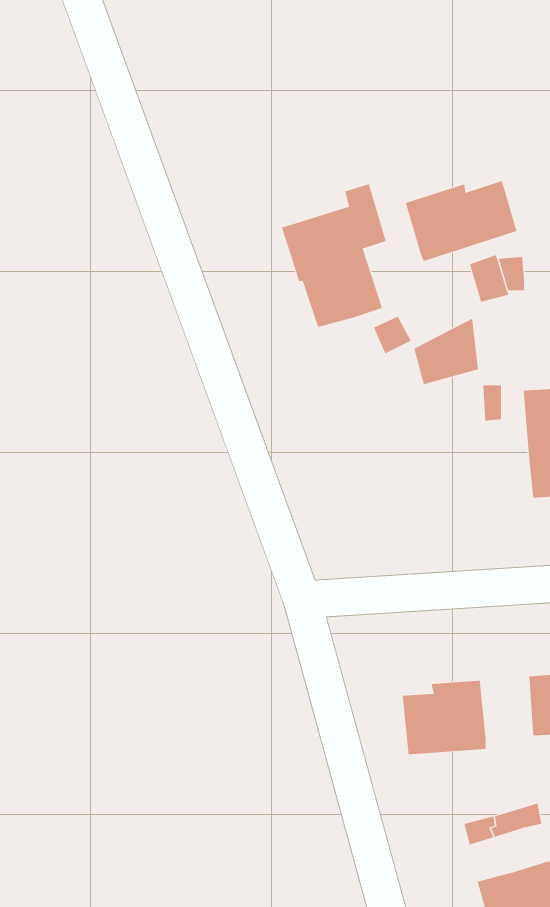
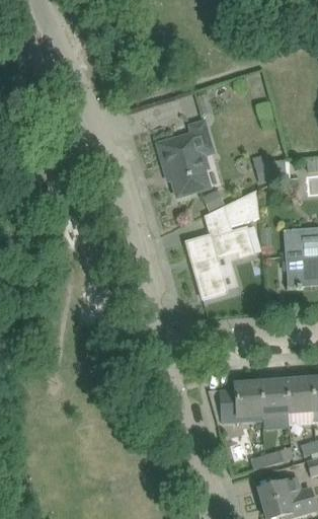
building: [405,180,517,262] -> none
building: none -> [190,228,254,298]
building: none -> [261,381,289,415]

